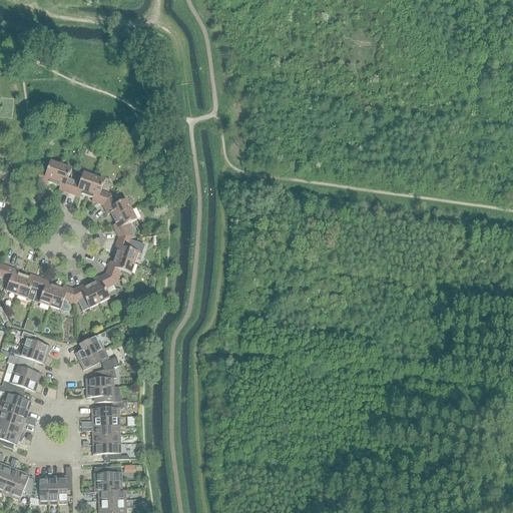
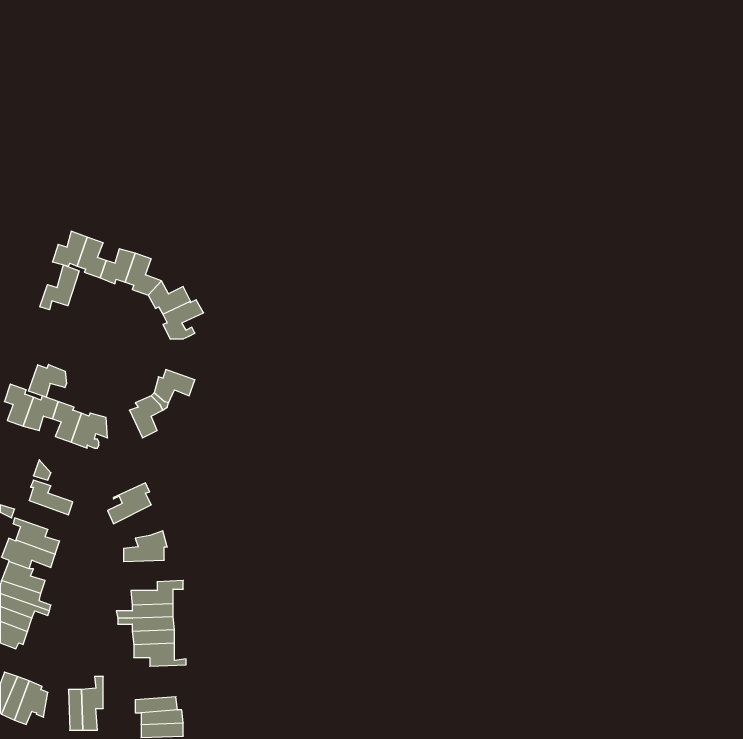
building: none -> [40,265,79,310]
building: [113,236,137,262] -> none
building: none -> [29,364,66,397]
building: [73,283,98,307] -> none
building: [16,345,47,365] -> none
building: [78,348,118,369] -> none
building: [85,386,120,401] -> none
building: [93,465,121,482] -> none
building: [29,475,48,504] -> none

